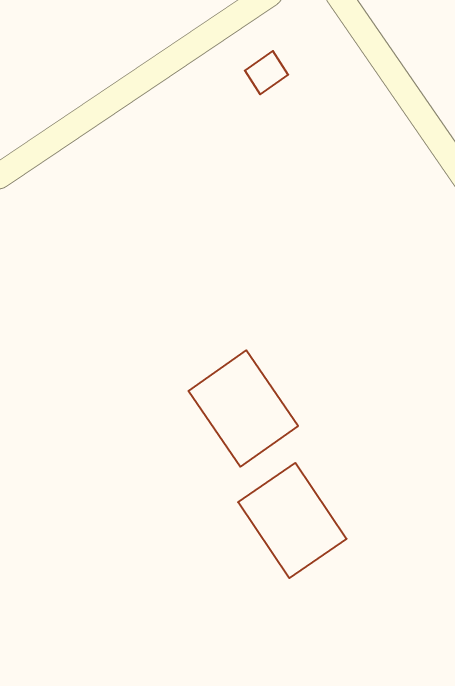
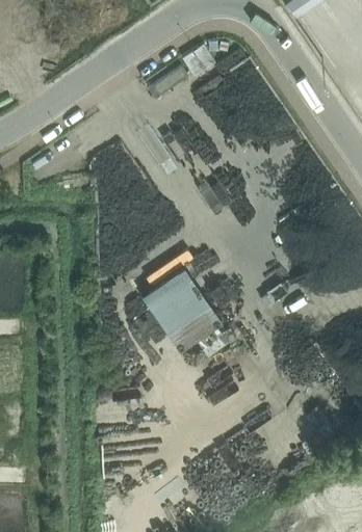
building: [238,463,347,578] -> none

